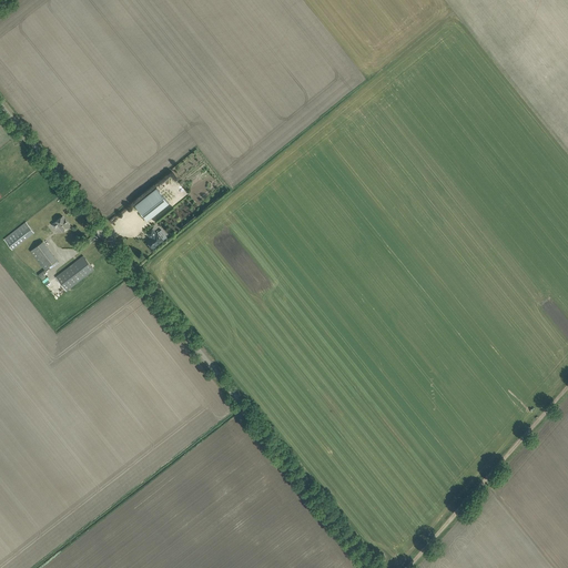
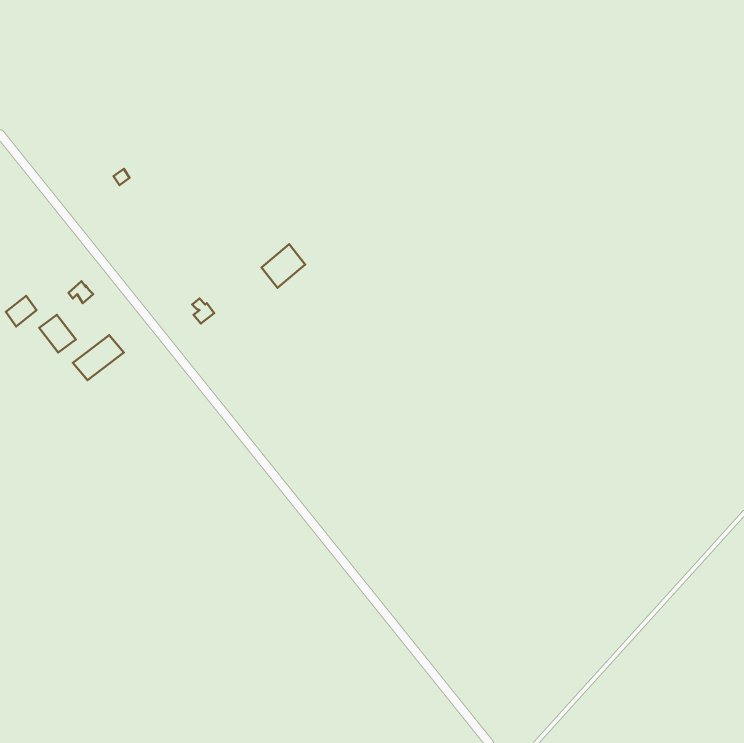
building: [135,186,169,220] -> [261,244,305,288]

